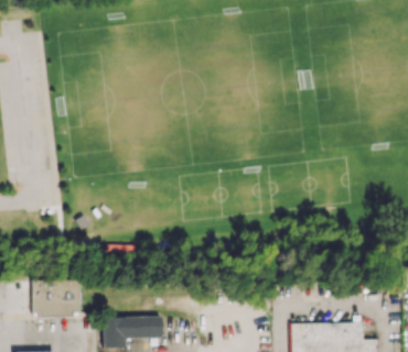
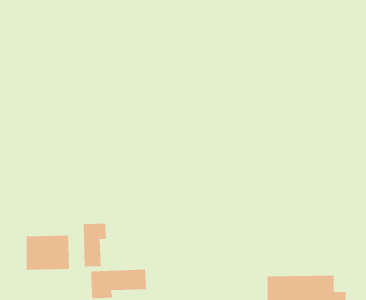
building: none -> [83,223,106,267]

